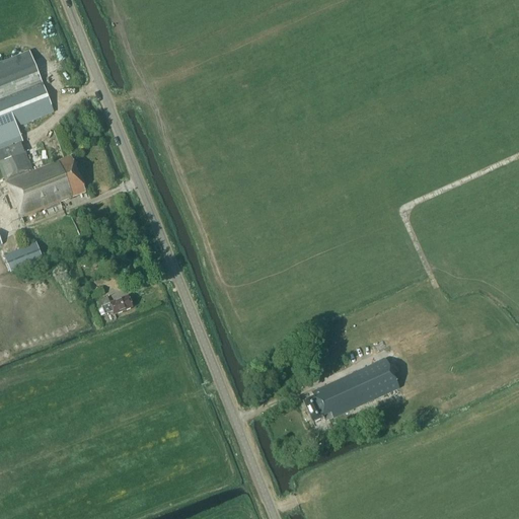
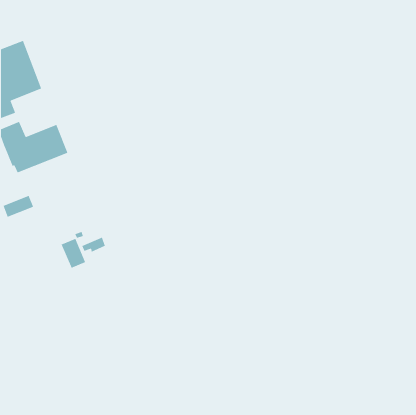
building: none -> [61,238,86,269]
building: [302,357,398,420] -> none

